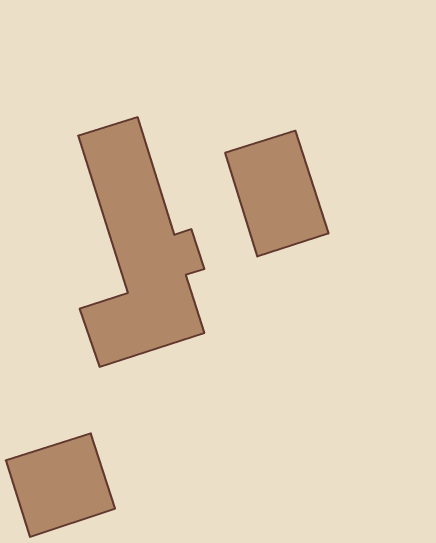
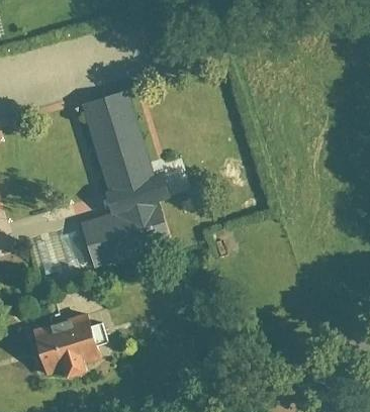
building: [225,131,328,257] -> none

